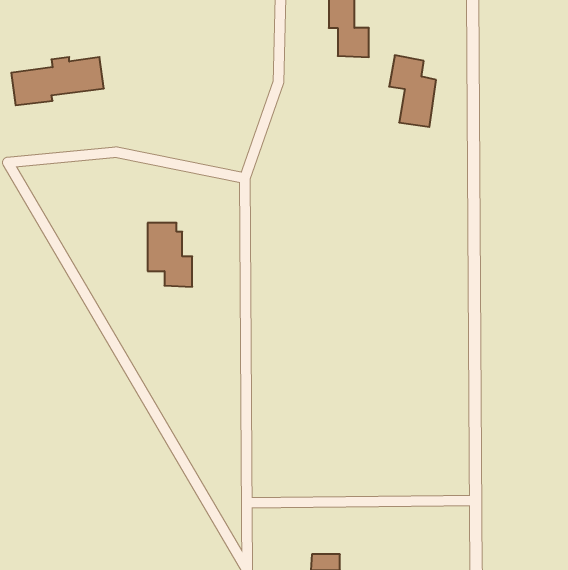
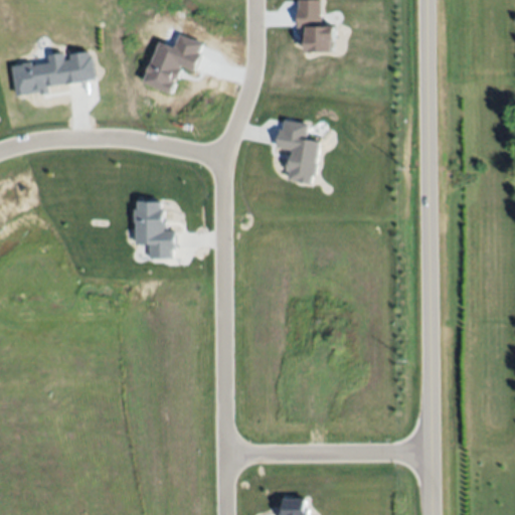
building: none -> [141,33,203,93]
building: [389,55,436,127] -> [276,119,318,183]

